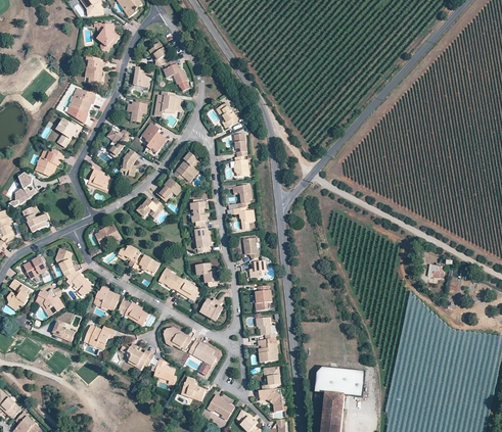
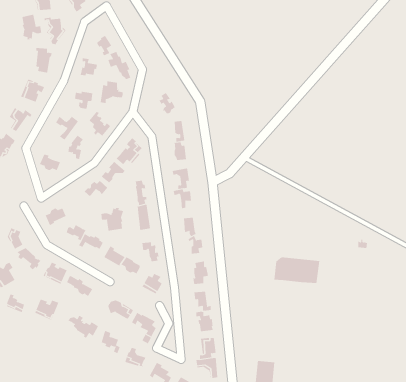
building: none -> [22,14,42,40]
building: none -> [101,207,124,231]
building: [314,367,364,395] -> [274,257,320,283]

